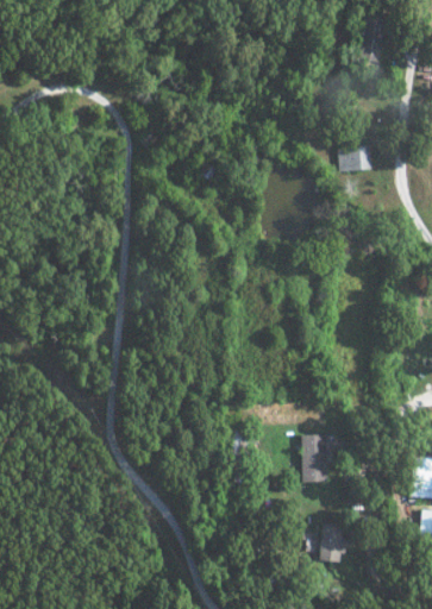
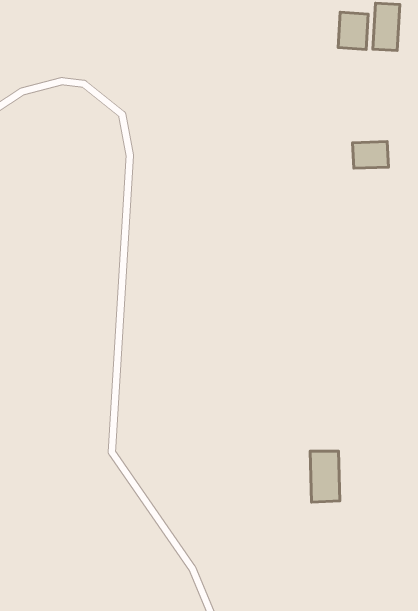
building: none -> [338,12,368,49]
building: [320,523,348,561] -> none

